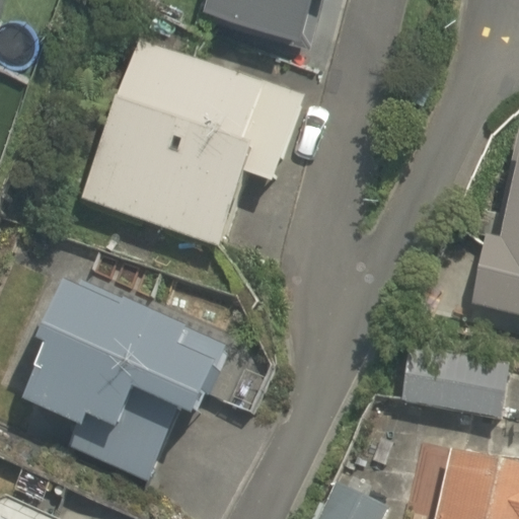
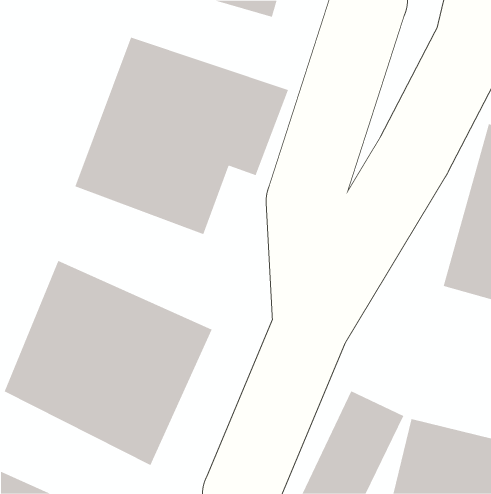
building: [391,348,508,419] -> none

